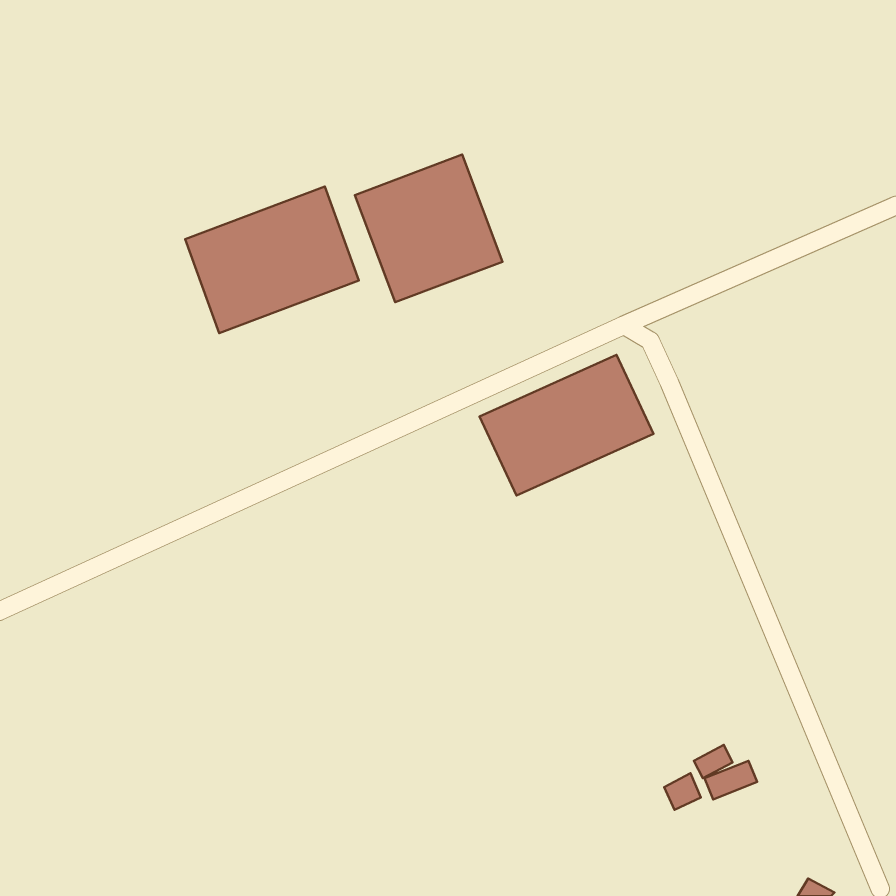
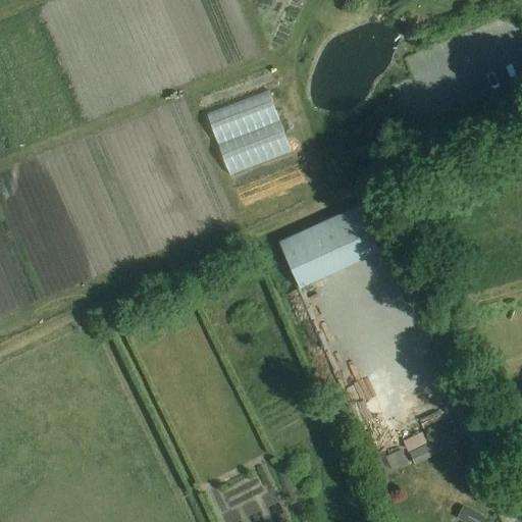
building: [185,186,359,333] -> none

